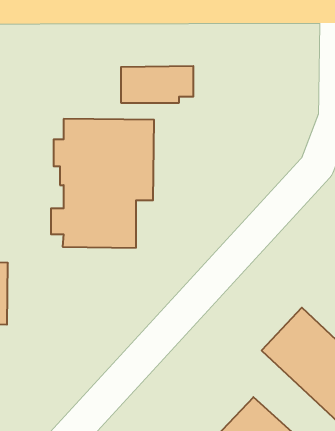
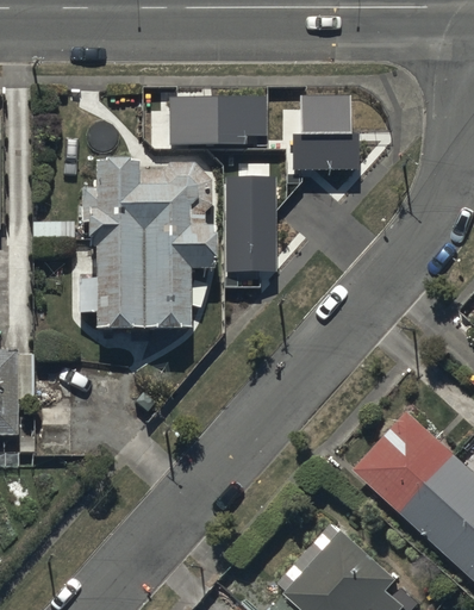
building: none -> [292,92,358,167]
building: none -> [225,174,275,268]

